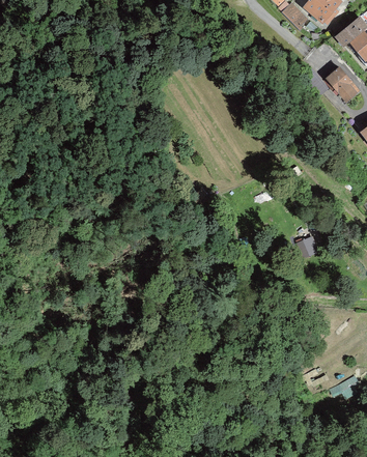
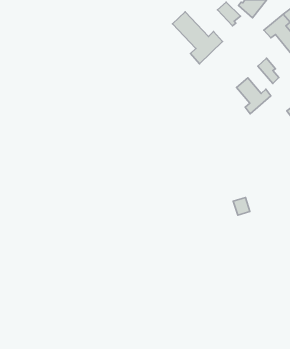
building: none -> [172,12,223,64]
building: none -> [236,78,271,114]

